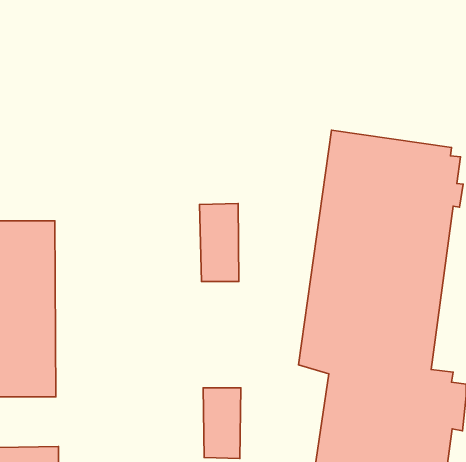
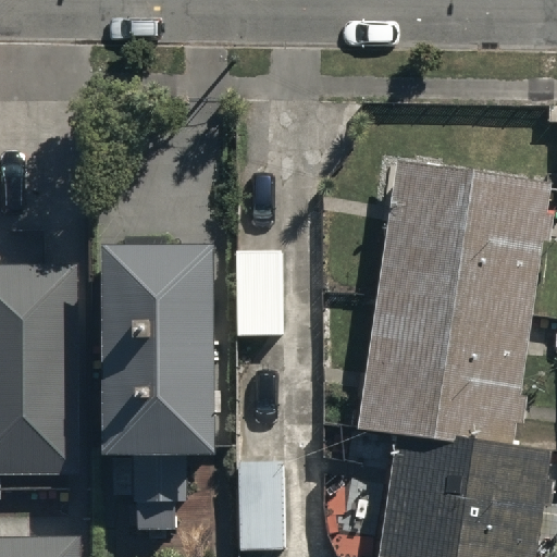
building: none -> [100,242,219,453]

